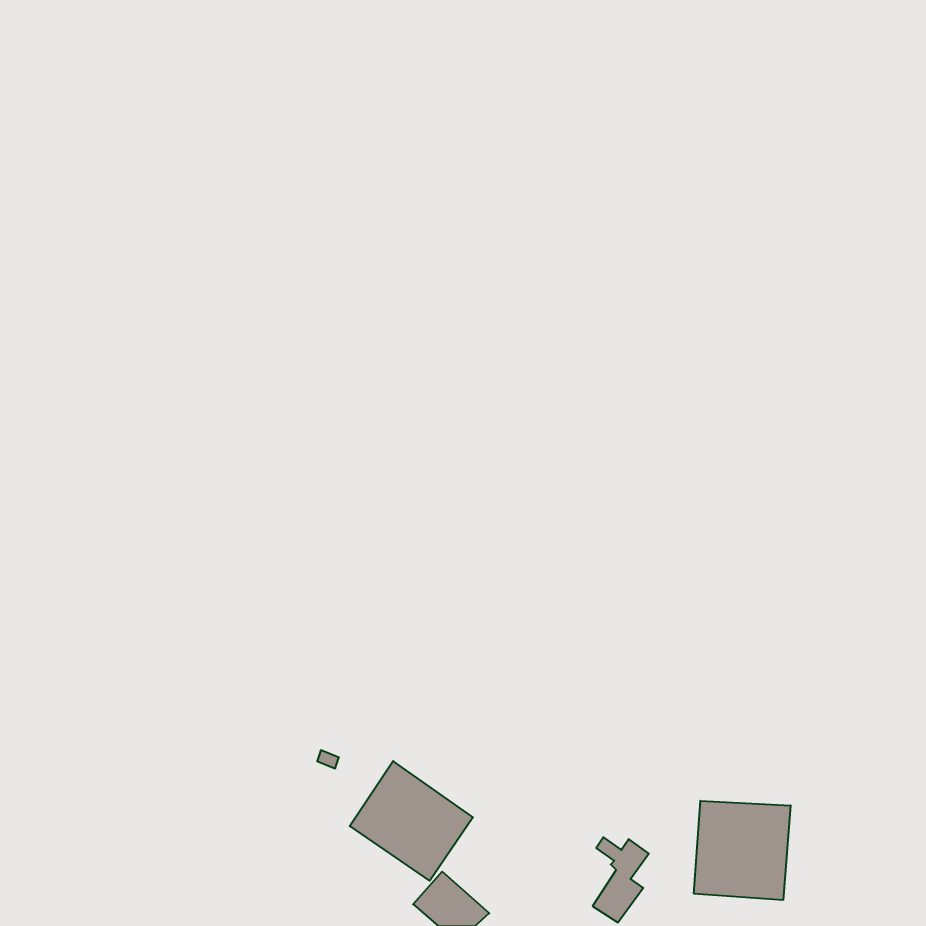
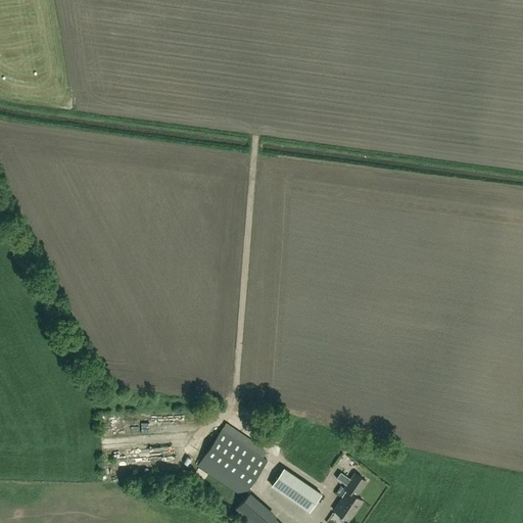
building: [694,801,791,900] -> none
building: none -> [272,468,321,512]

